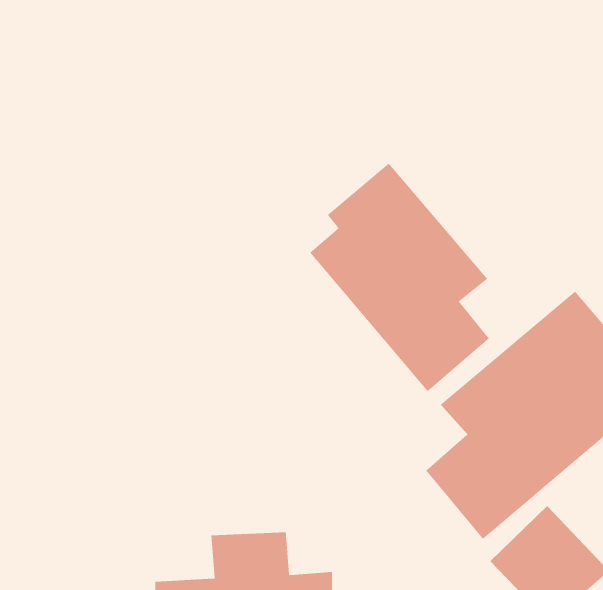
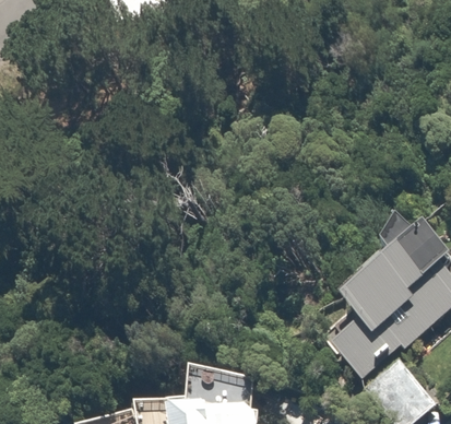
building: [309,162,490,392] -> none

